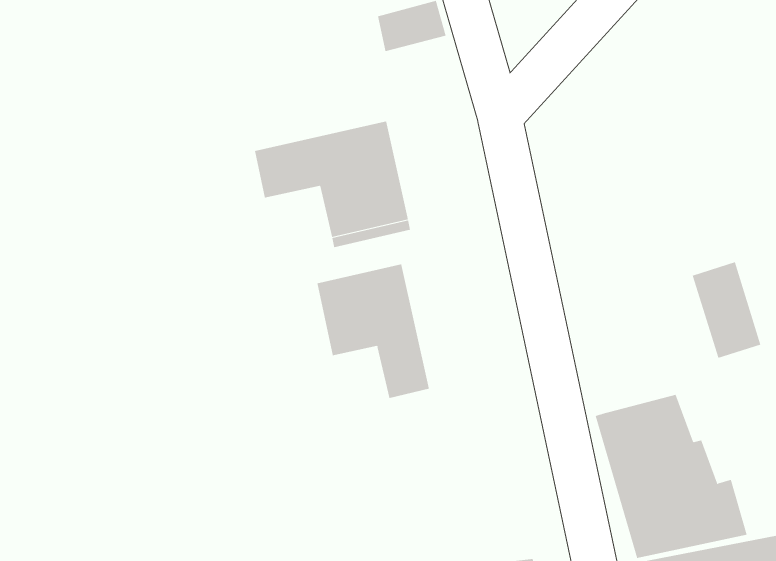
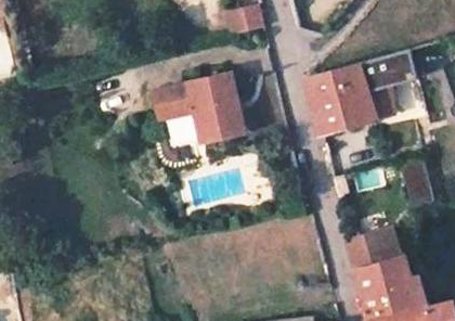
building: none -> [303,49,416,136]
building: [317,264,430,399] -> none

